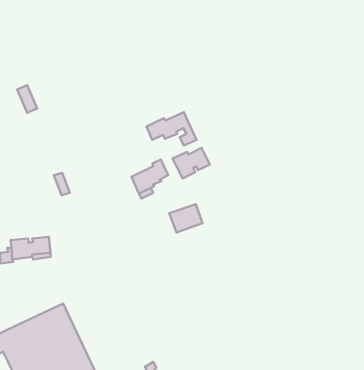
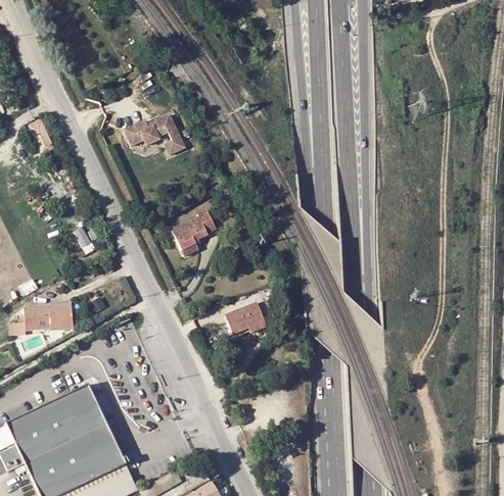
building: [146,112,196,146] -> [123,111,184,152]
building: [172,148,210,178] -> none
building: [169,204,203,232] -> [229,300,270,335]

